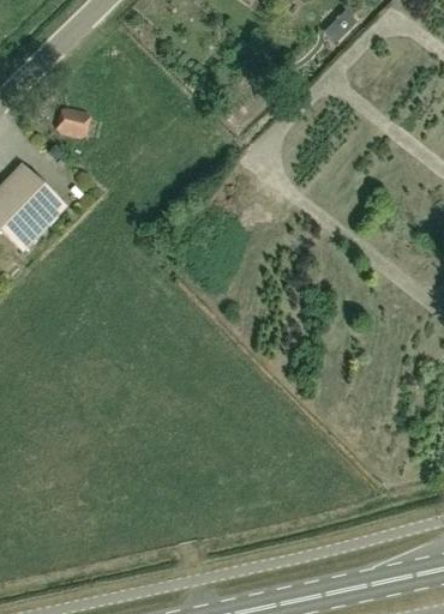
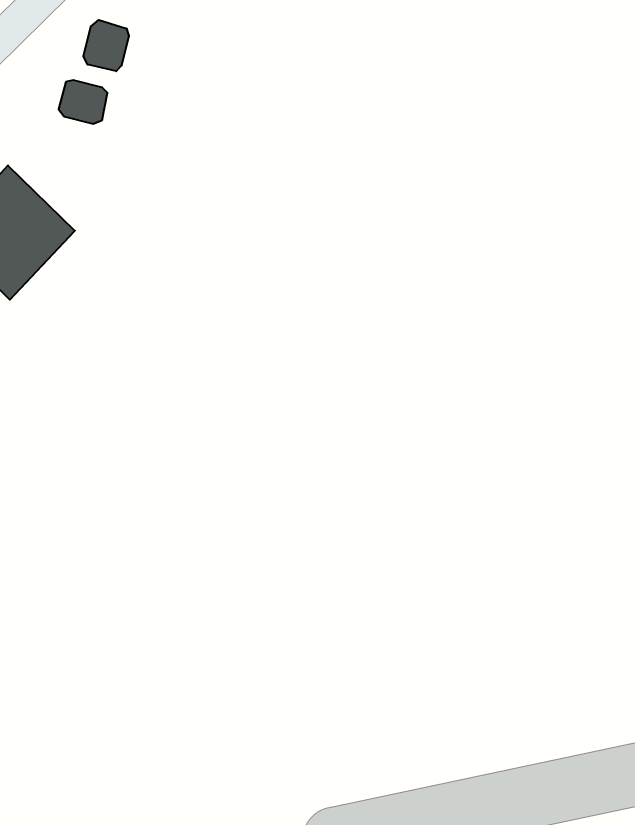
building: none -> [83,20,129,71]

